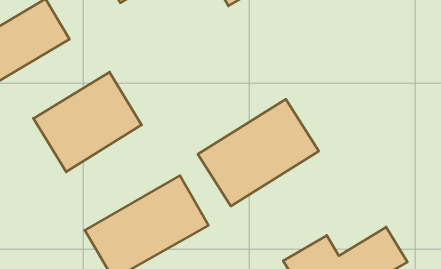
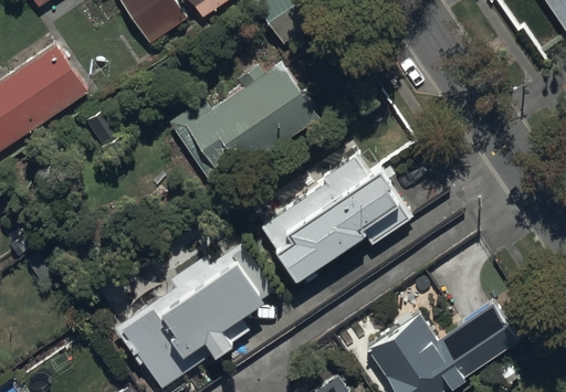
building: none -> [176,57,322,190]
building: [33,72,142,172] -> none

